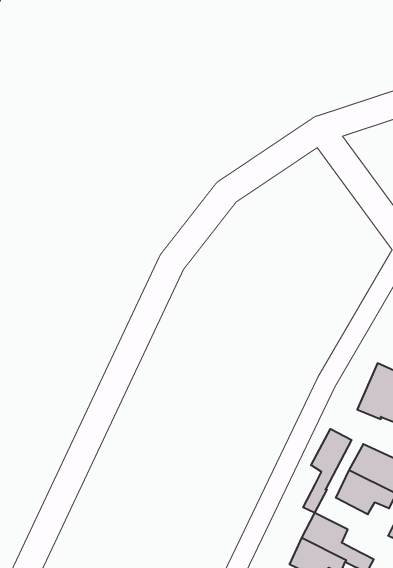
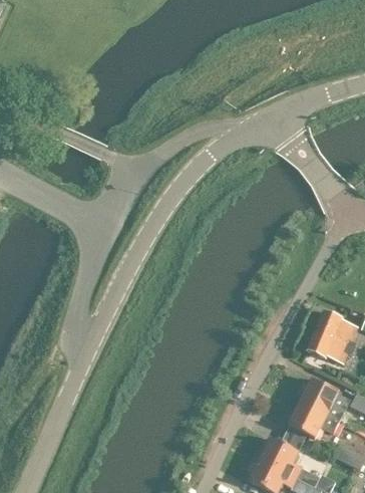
building: [303,429,352,513] -> none

